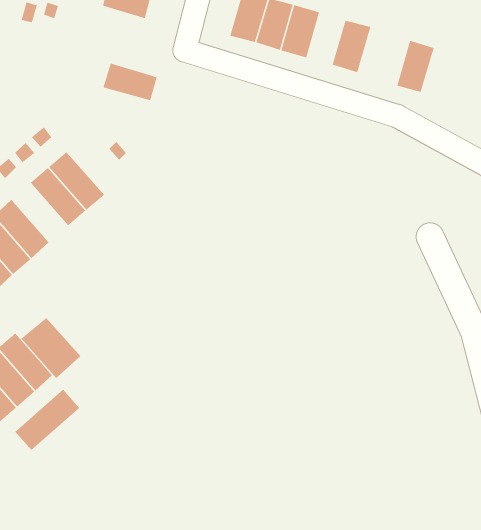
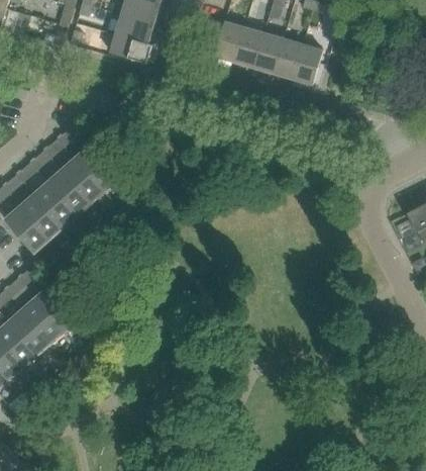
building: [396,40,434,93] -> [273,38,302,79]
building: [102,63,157,101] -> [109,33,151,63]
building: none -> [45,170,89,215]
building: [21,317,81,379] -> none
building: [14,389,80,451] -> none

